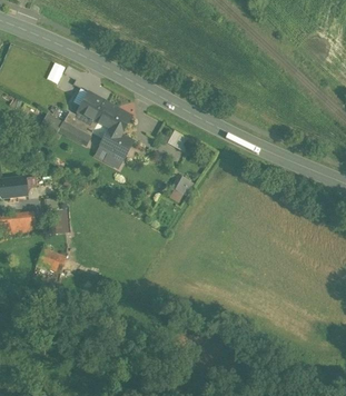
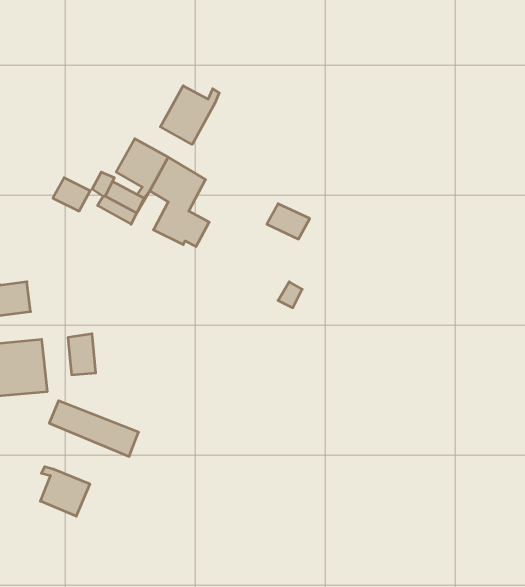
building: none -> [160,86,219,144]
building: none -> [40,467,90,516]

